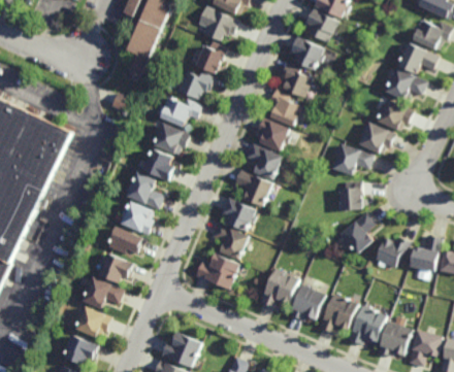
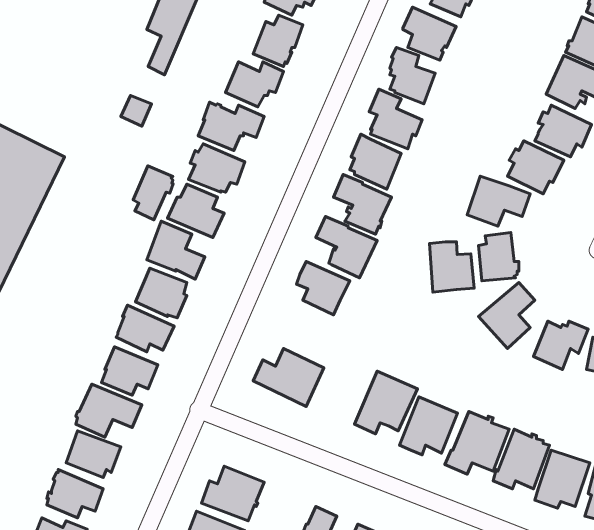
building: none -> [133,166,173,220]
building: none -> [430,242,474,292]
building: [212,224,249,262] -> none

